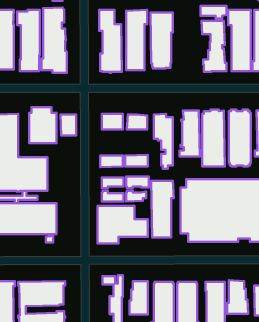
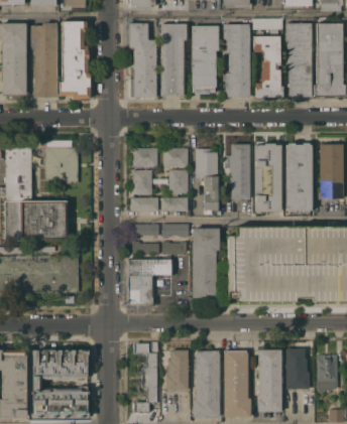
building: none -> [223,24,249,97]
building: [60,115,76,135] -> [132,170,151,195]
building: none -> [168,170,188,194]

